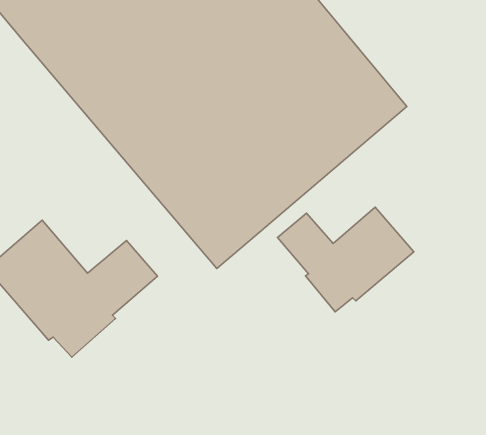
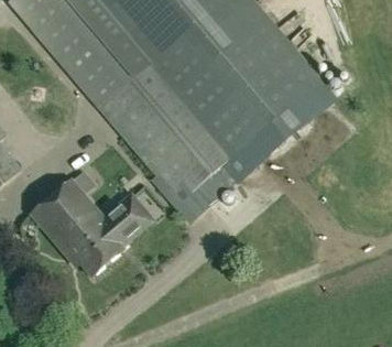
building: [277,207,414,312] -> none

